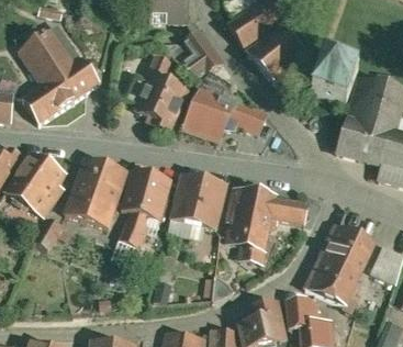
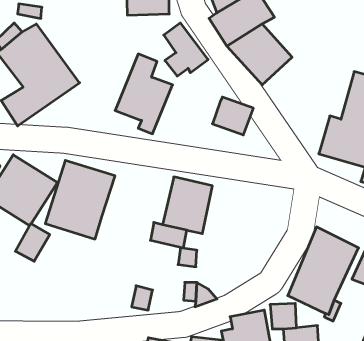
building: [314,51,362,100] -> none
building: [186,89,236,144] -> none
building: [117,169,173,255] -> none
building: [223,188,310,270] -> none

